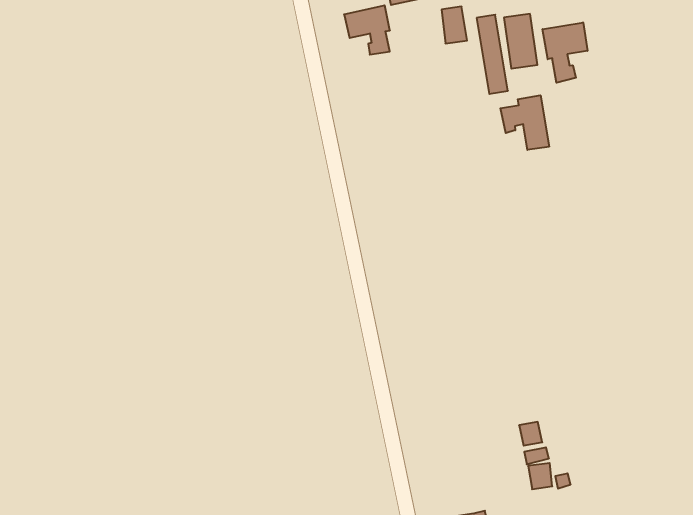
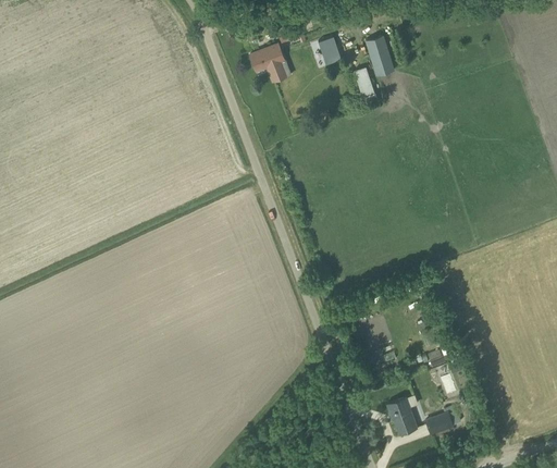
building: [543,22,587,83] -> none
building: [500,95,549,150] -> none

